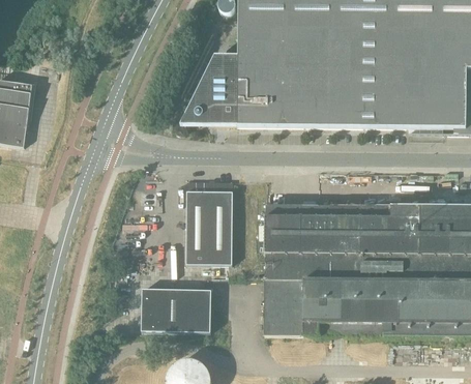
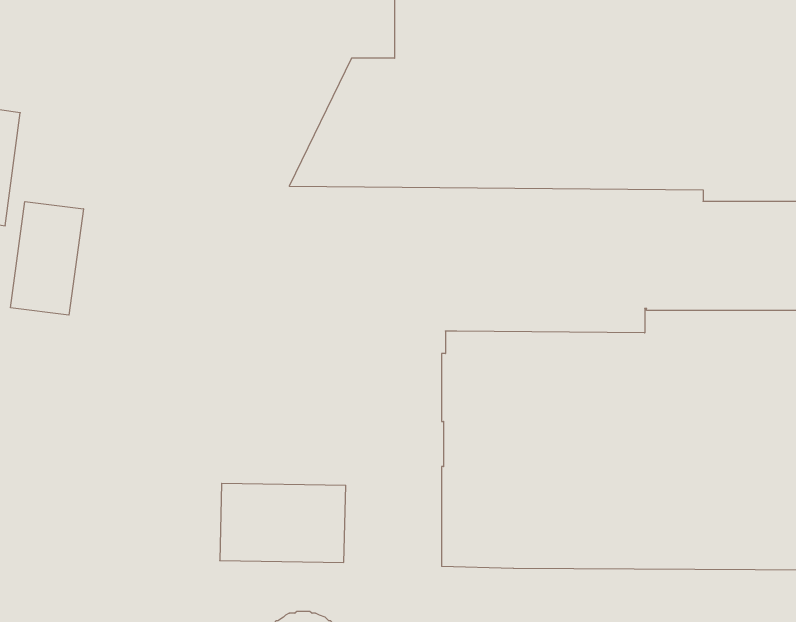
building: none -> [11,202,83,315]
building: [186,179,232,263] -> none

